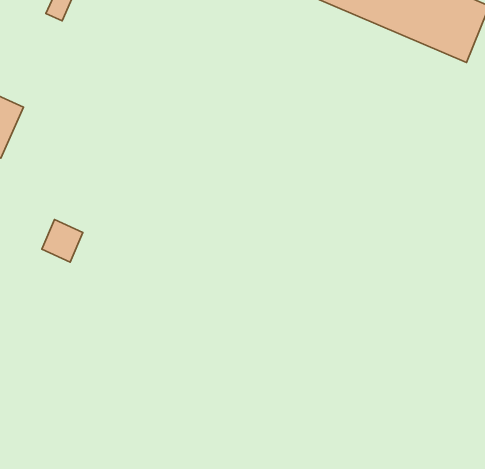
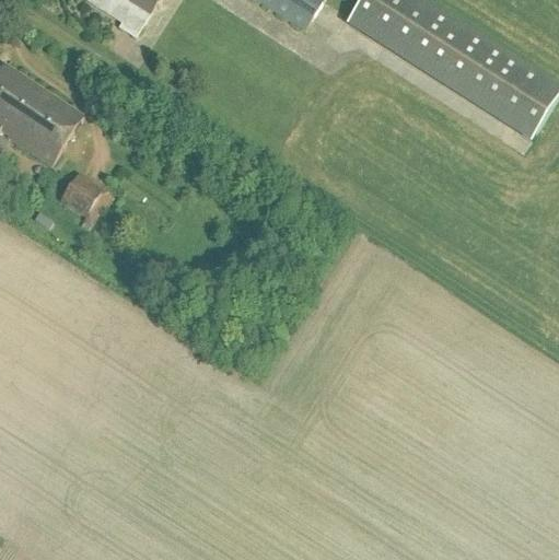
building: [42,220,83,262] -> [60,168,104,213]

